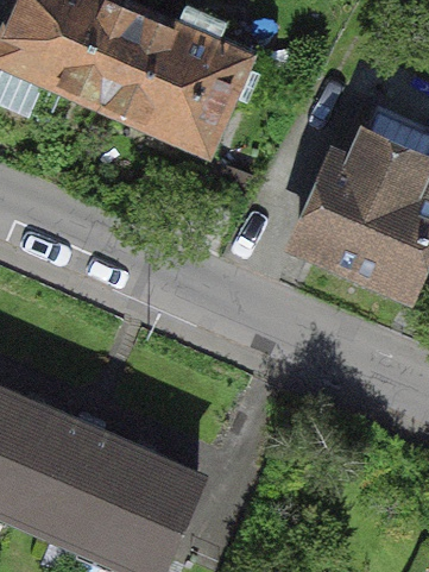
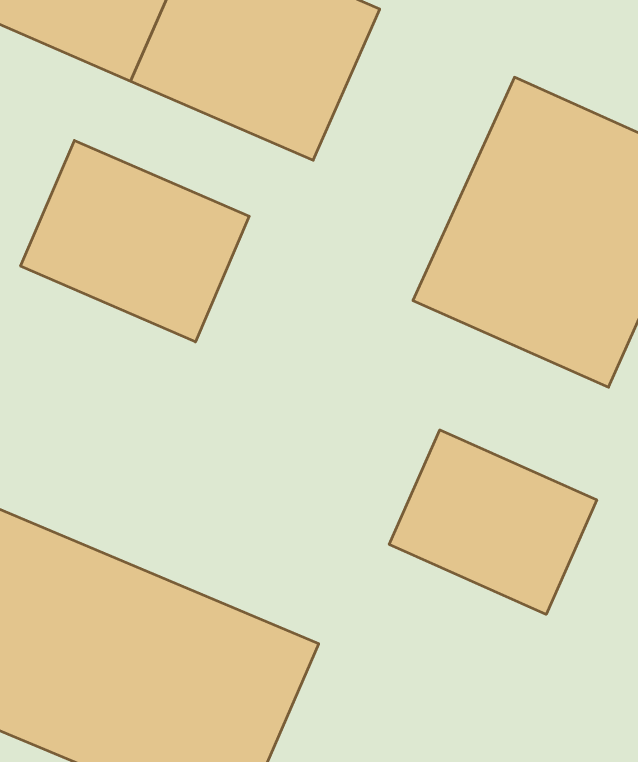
building: none -> [21,140,249,342]
building: none -> [389,430,597,614]

